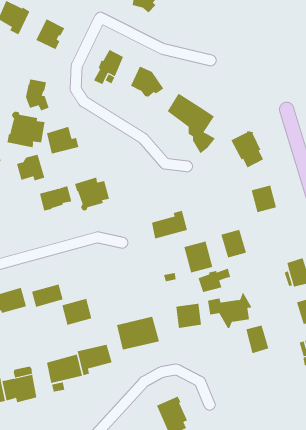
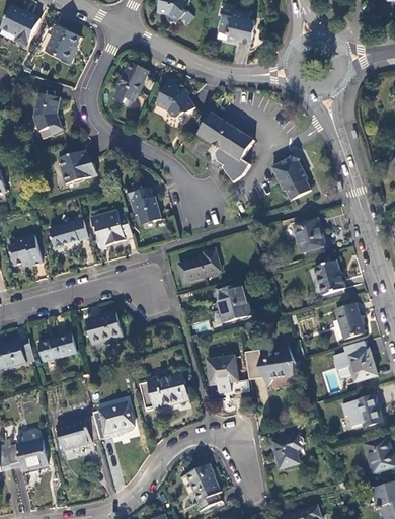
building: none -> [218,10,254,43]
building: [7,111,45,148] -> none
building: [16,154,45,181] -> [8,235,42,267]
building: none -> [126,186,160,222]
building: [221,229,247,258] -> [314,261,344,294]
building: [198,268,231,293] -> none
building: [61,298,92,325] -> [86,312,122,344]
building: [246,325,269,354] -> [271,436,299,469]

